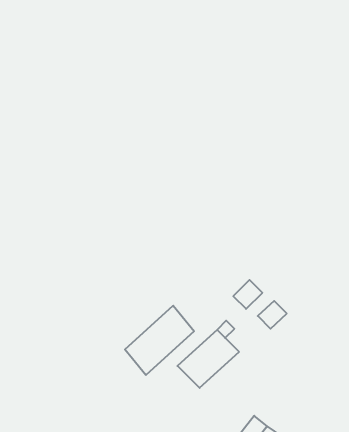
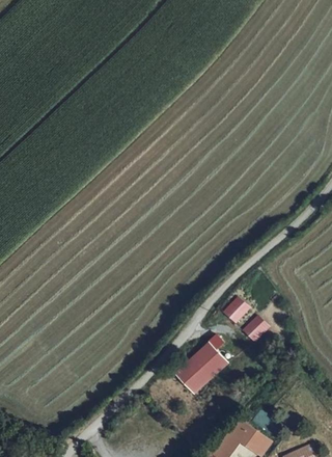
building: [125,306,194,375] -> none

